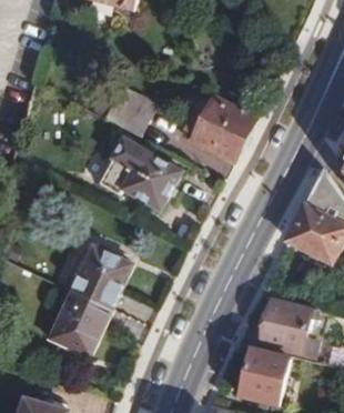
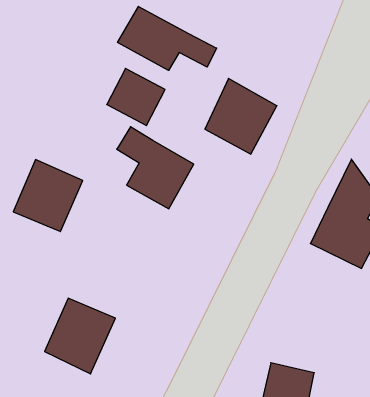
building: none -> [118,6,217,70]
building: [68,242,130,306] -> [13,160,83,232]
building: [256,295,317,356] -> none

